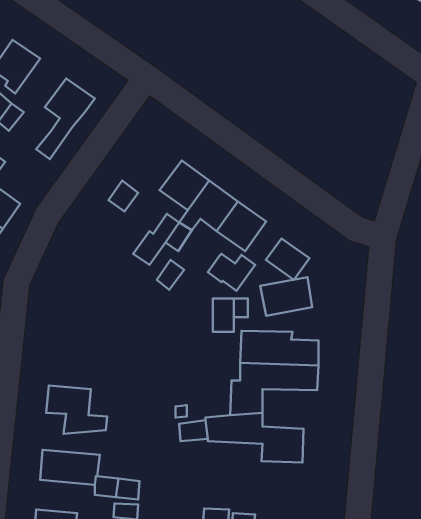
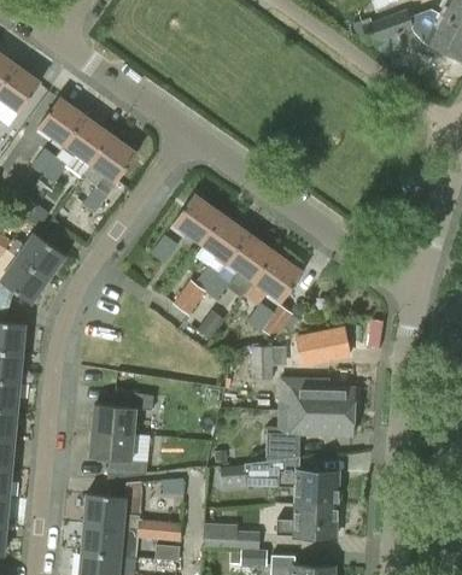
building: none -> [60,115,110,162]
building: none -> [174,194,222,242]
building: [266,238,309,280] -> none
building: none -> [93,391,153,435]
building: none -> [277,505,339,539]
building: none -> [81,523,123,556]
building: none -> [205,524,259,548]

